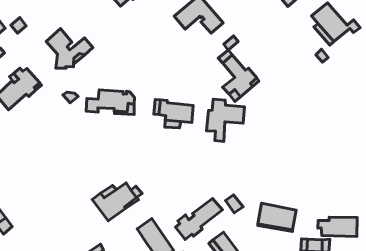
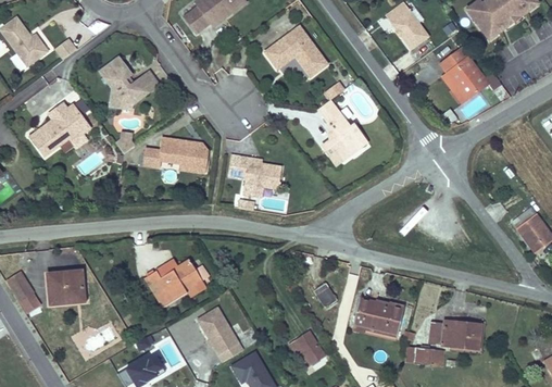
building: [207,99,245,142] -> none
building: none -> [47,270,84,298]
building: [176,198,222,240] -> none

